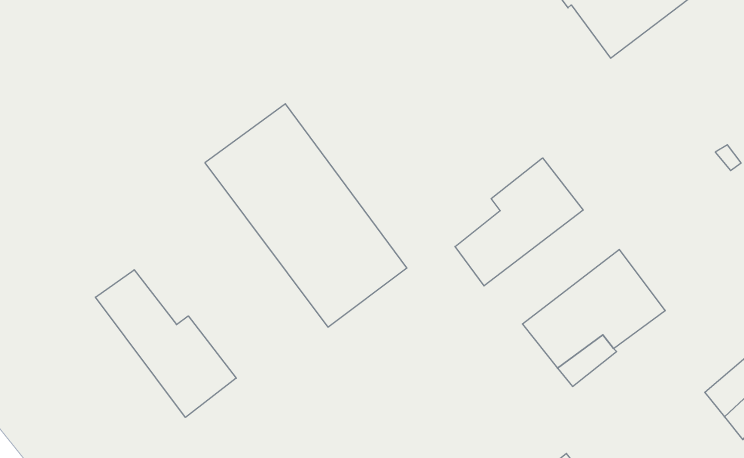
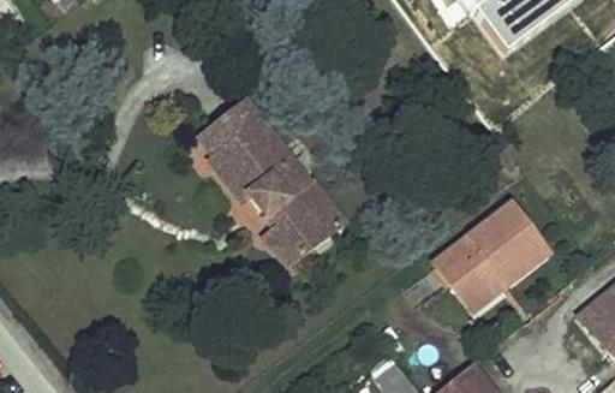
building: [455,158,583,286] -> none
building: [95,270,236,417] -> none

